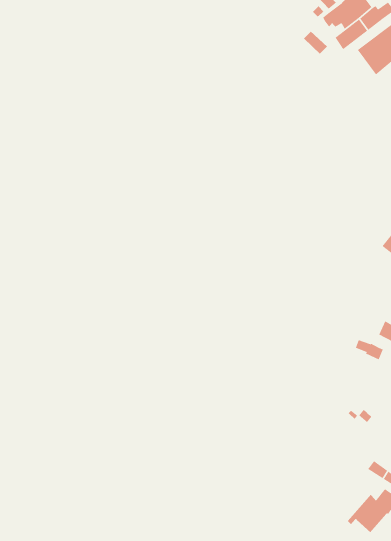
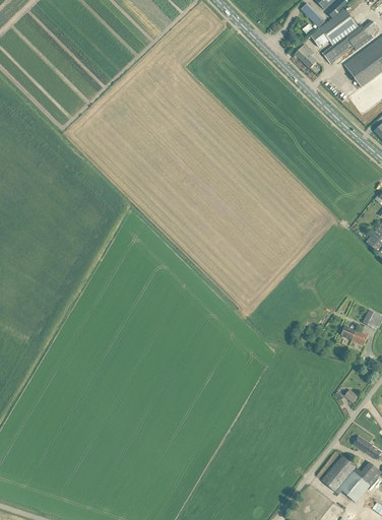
building: none -> [321,455,356,491]

